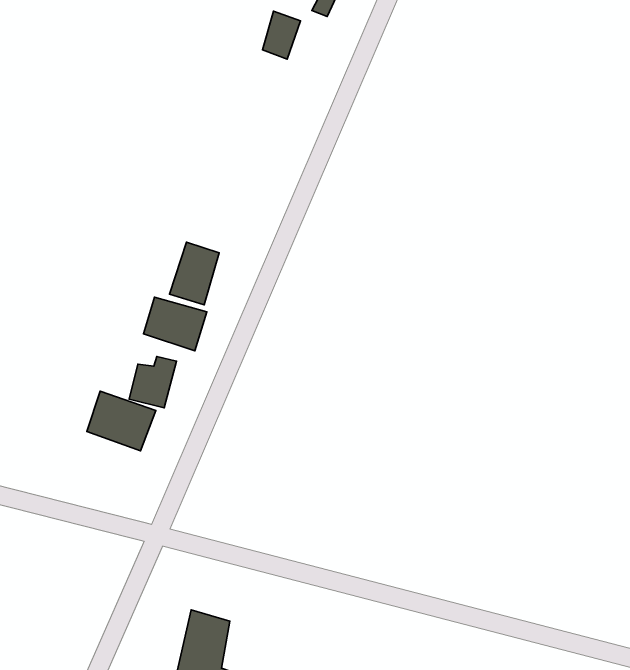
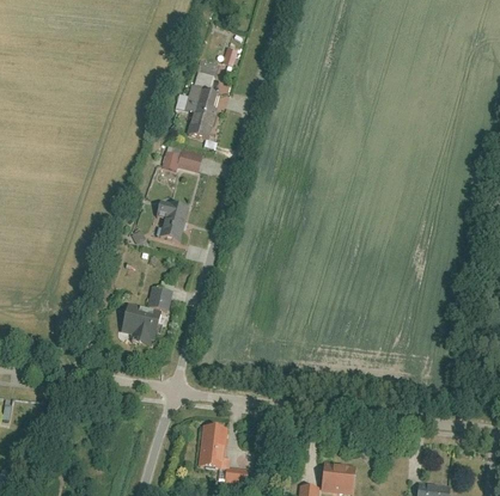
building: none -> [189,97,220,143]
building: none -> [161,145,201,170]
building: [143,297,207,351] -> none

